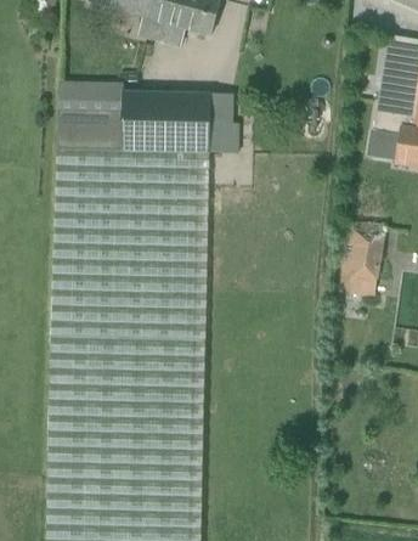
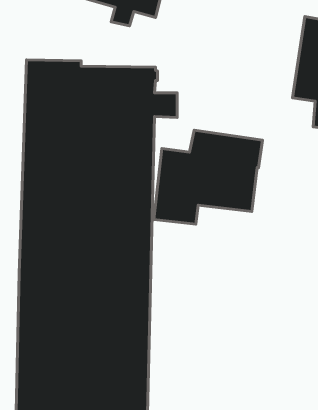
building: none -> [154,130,262,224]
building: [341,243,379,280] -> none

